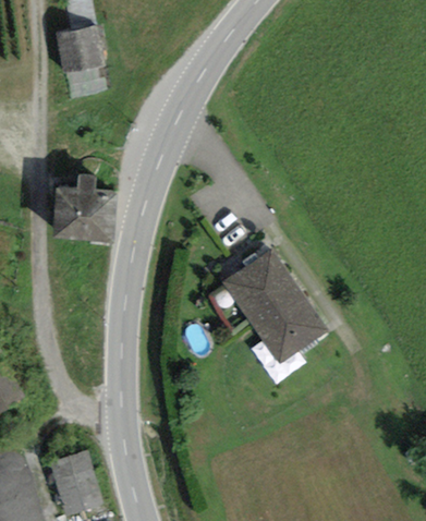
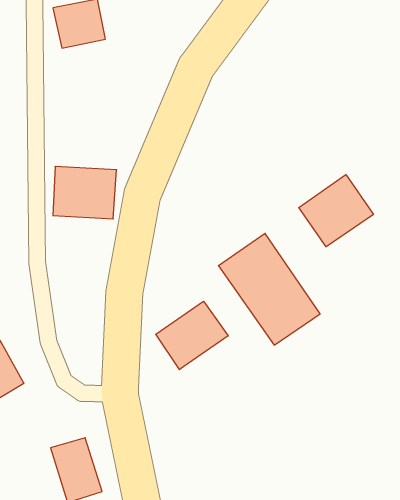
building: none -> [299,175,373,247]
building: none -> [156,301,228,370]

